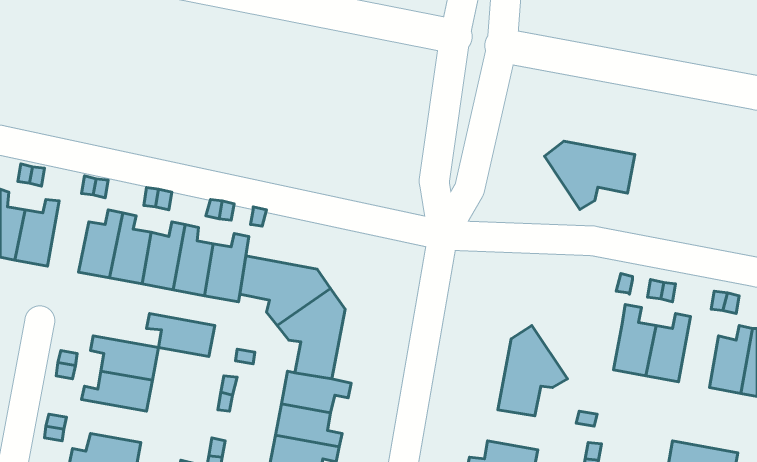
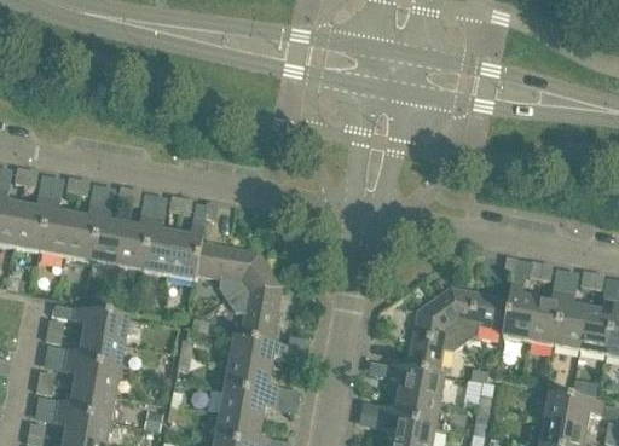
building: [544,141,635,209] -> [434,286,508,342]
building: none -> [39,197,73,255]
building: [147,314,215,356] -> [64,359,120,394]
building: none -> [554,291,586,349]
building: none -> [388,365,442,400]

